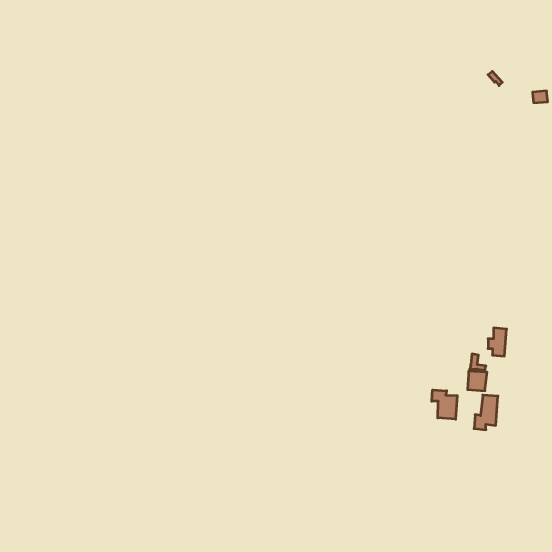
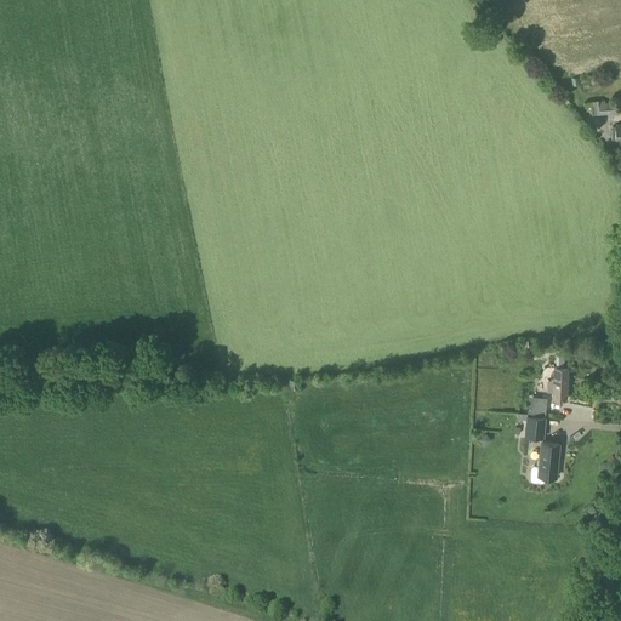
building: [432,390,457,419] -> none

